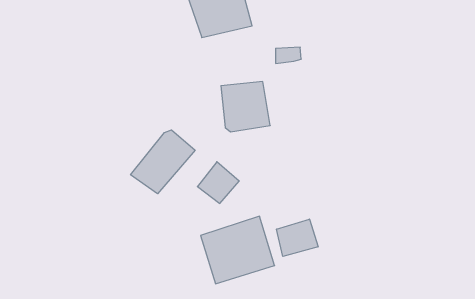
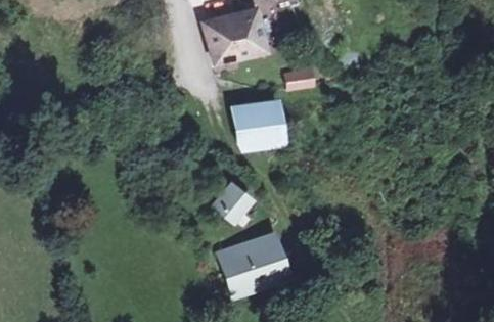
building: [131,130,195,194] -> none
building: [277,219,318,256] -> none

